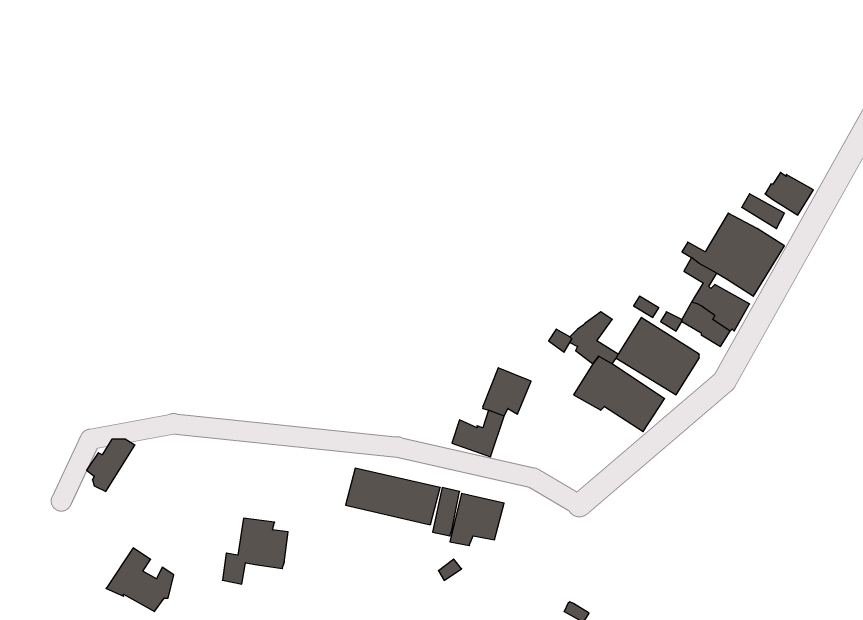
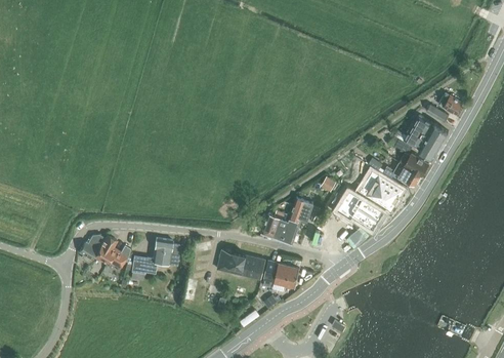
building: none -> [261,210,292,237]
building: [222,518,288,584] -> [144,238,179,273]
building: [106,548,174,612] -> [94,235,130,269]

